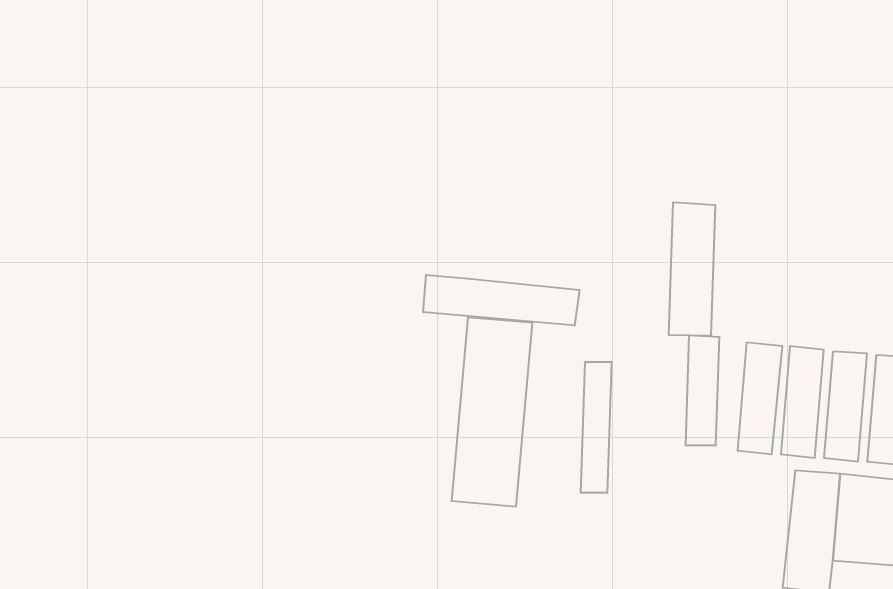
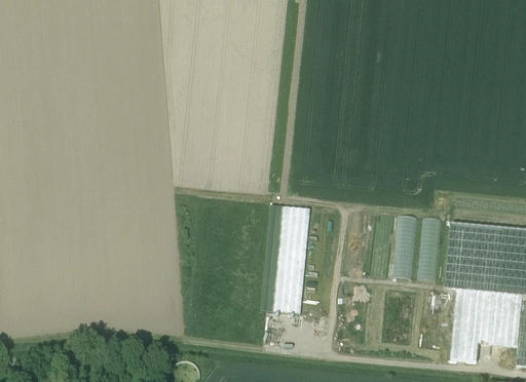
building: [669,202,715,336] -> none
building: [423,275,579,326] -> none
building: [581,362,611,493] -> none

